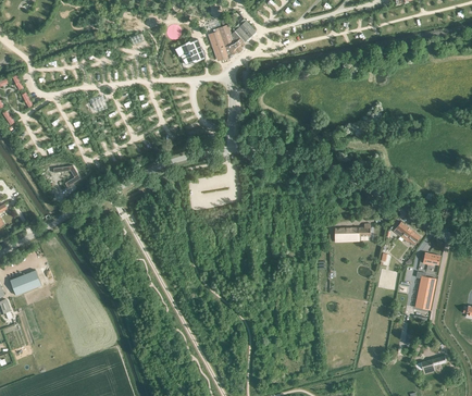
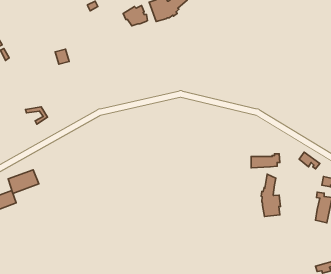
building: none -> [8,170,39,193]
building: none -> [261,174,280,216]

